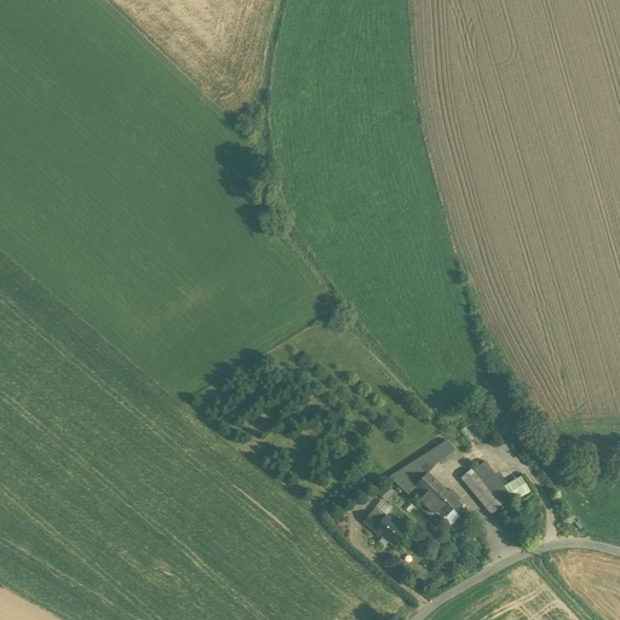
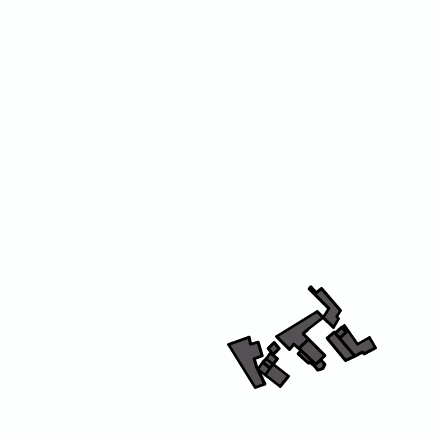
building: none -> [309,287,340,327]
building: none -> [229,337,265,388]

